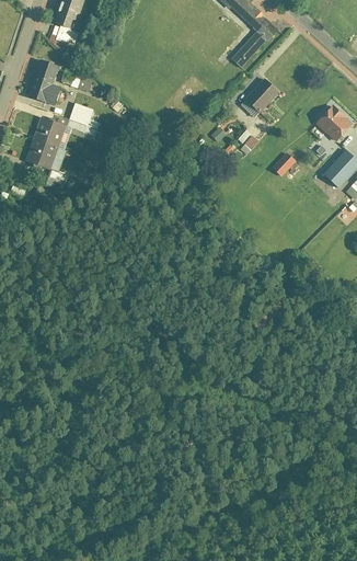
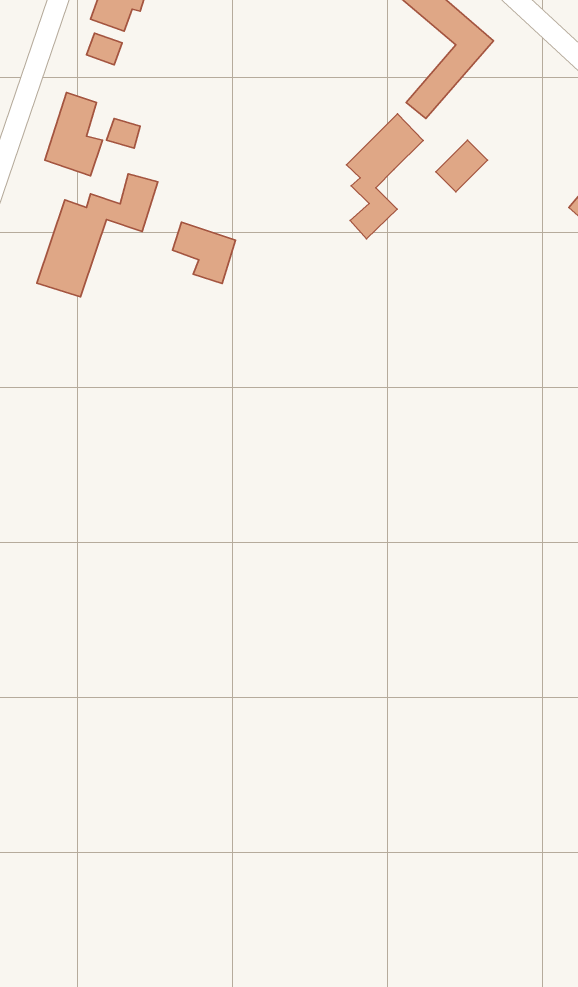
building: none -> [346,114,423,239]
building: none -> [172,222,236,283]

